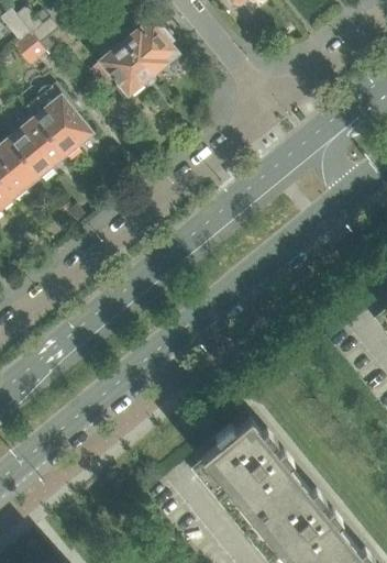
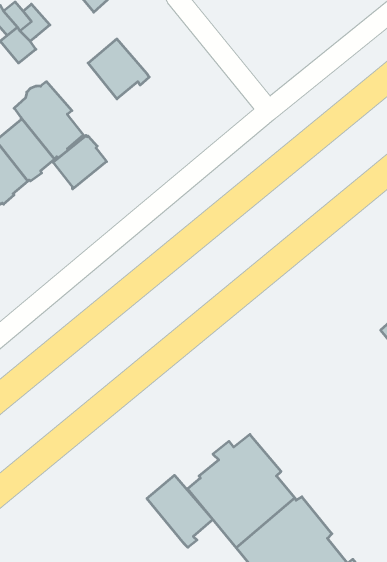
building: [124,12,179,74] -> none
building: none -> [53,135,107,189]
building: none -> [147,475,213,547]

